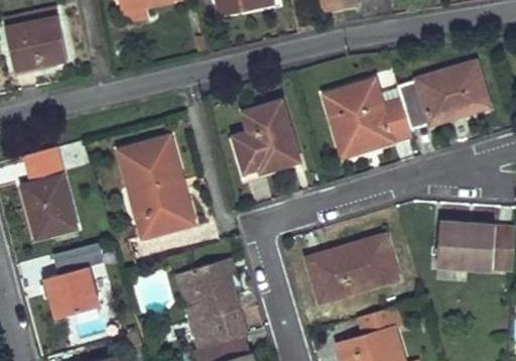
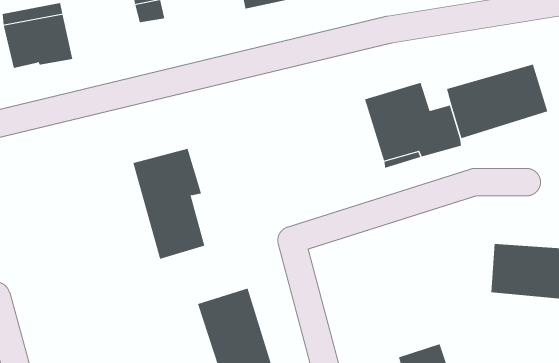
building: [233,106,296,176] -> none
building: [22,148,76,238] -> none
building: [307,235,398,302] -> none
building: [40,266,99,317] -> none

